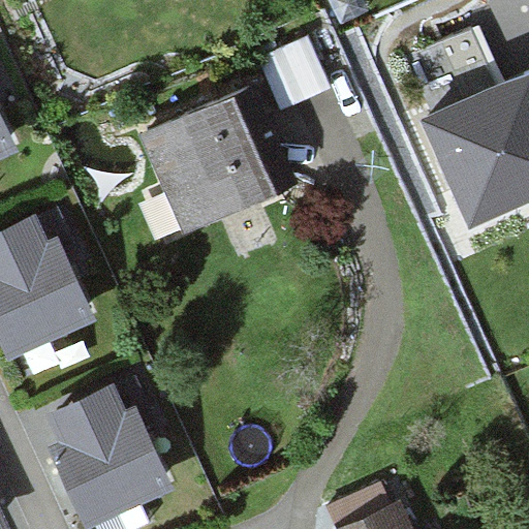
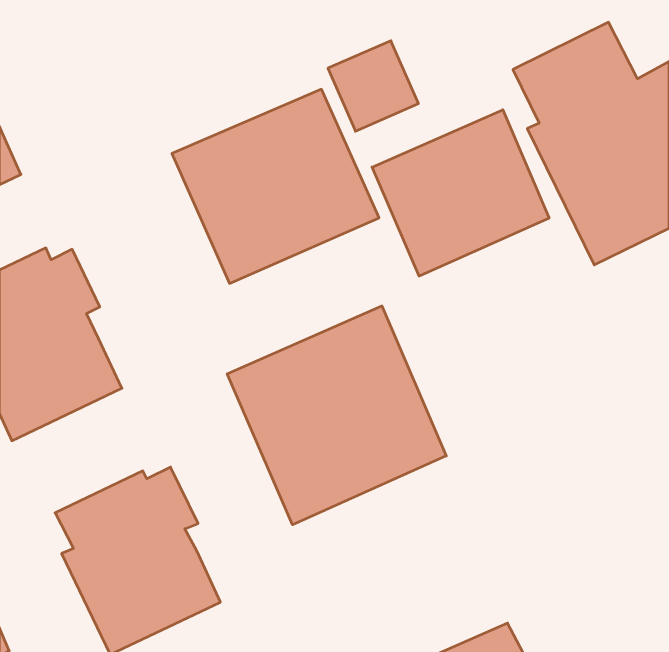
building: none -> [372,110,549,276]
building: none -> [227,306,446,525]

